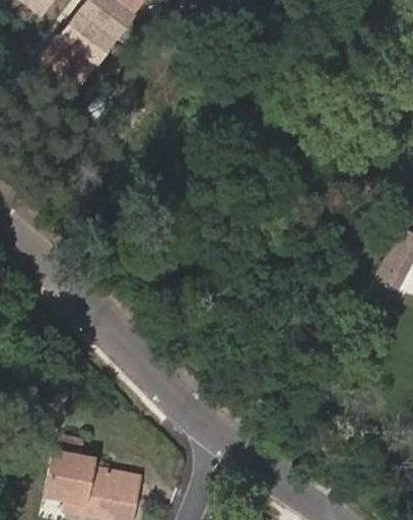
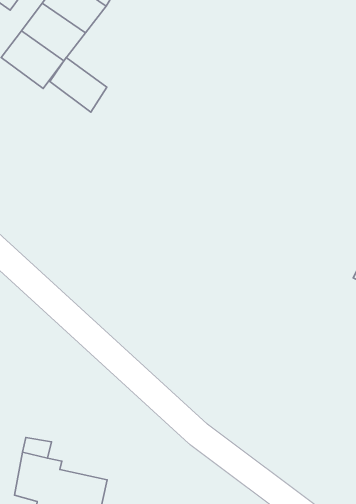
building: none -> [50,58,107,112]

